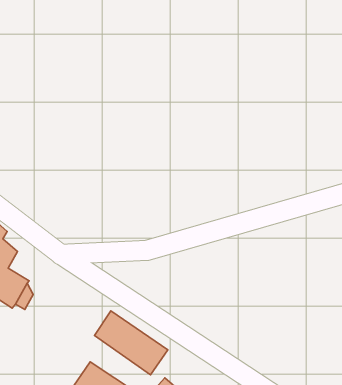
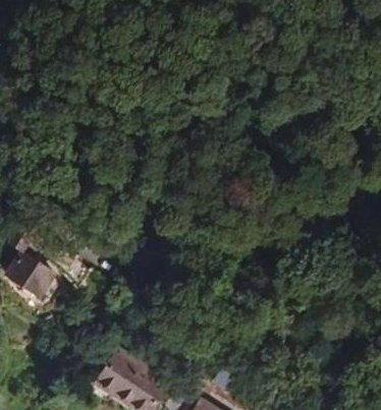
building: [94,311,168,375] -> none

